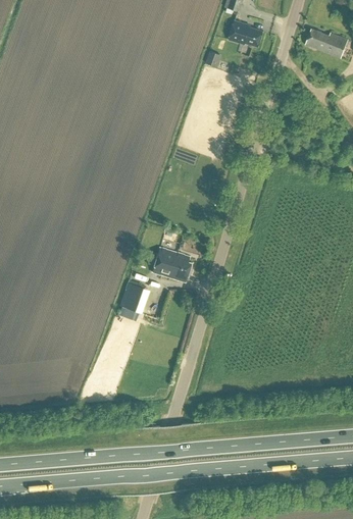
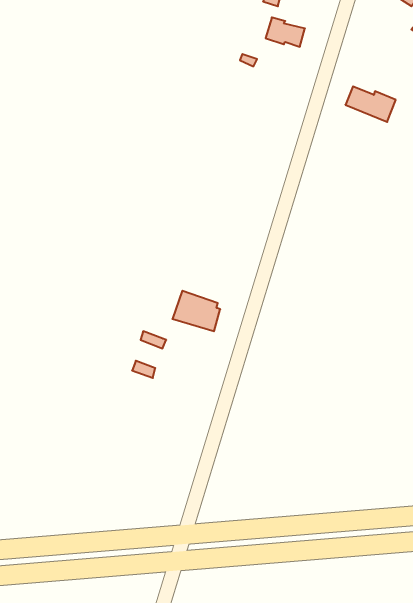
building: [305,28,347,57] -> [345,86,396,122]

